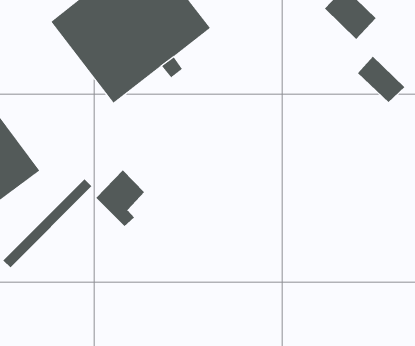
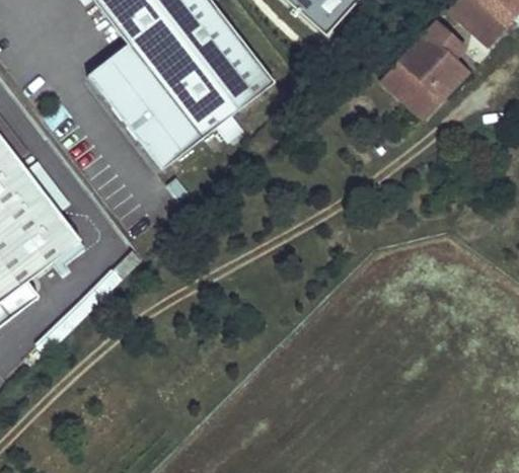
building: [357,56,405,103] -> [389,58,445,112]
building: [96,170,145,227] -> none

